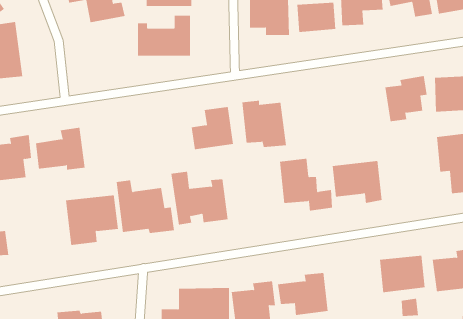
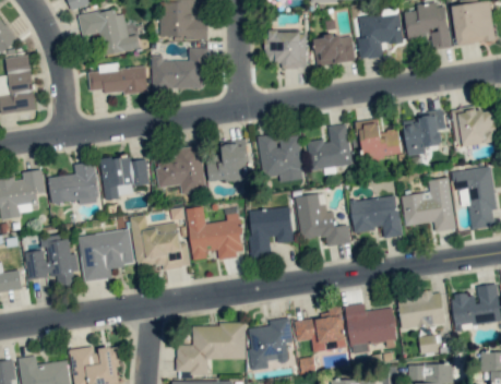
building: none -> [88,63,147,95]
building: none -> [356,119,402,161]
building: none -> [308,124,351,169]
building: none -> [154,148,205,194]
building: none -> [99,155,150,199]
building: none -> [401,178,455,231]
building: none -> [248,207,293,259]
building: none -> [25,236,79,287]
building: none -> [344,303,396,348]

